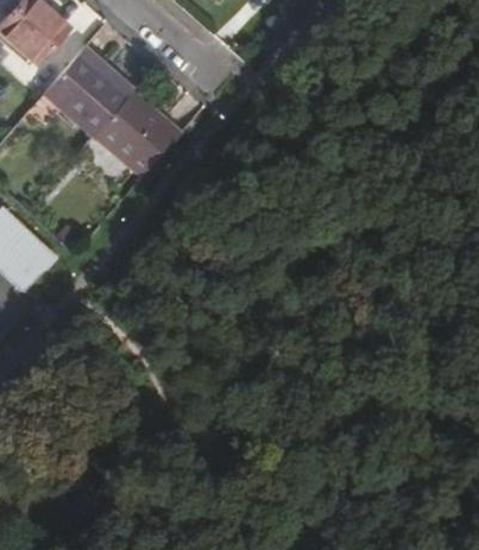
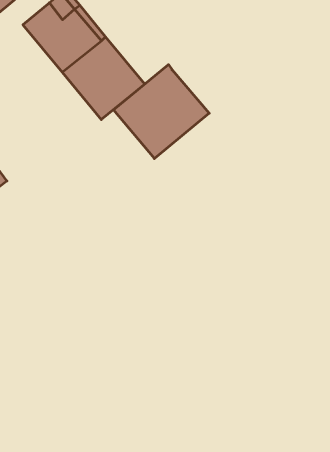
building: none -> [114,65,209,159]

